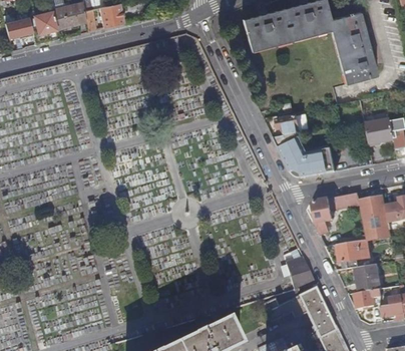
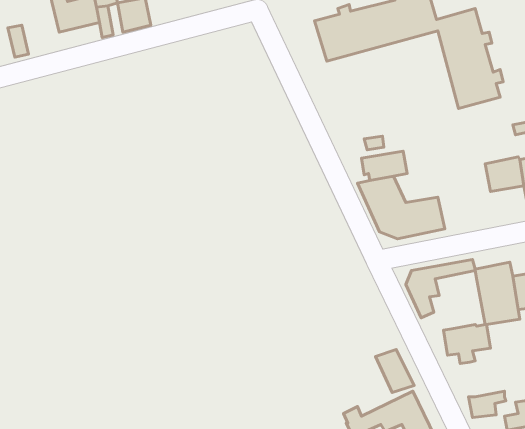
building: [34,9,57,32] -> none
building: [355,263,380,291] -> none

